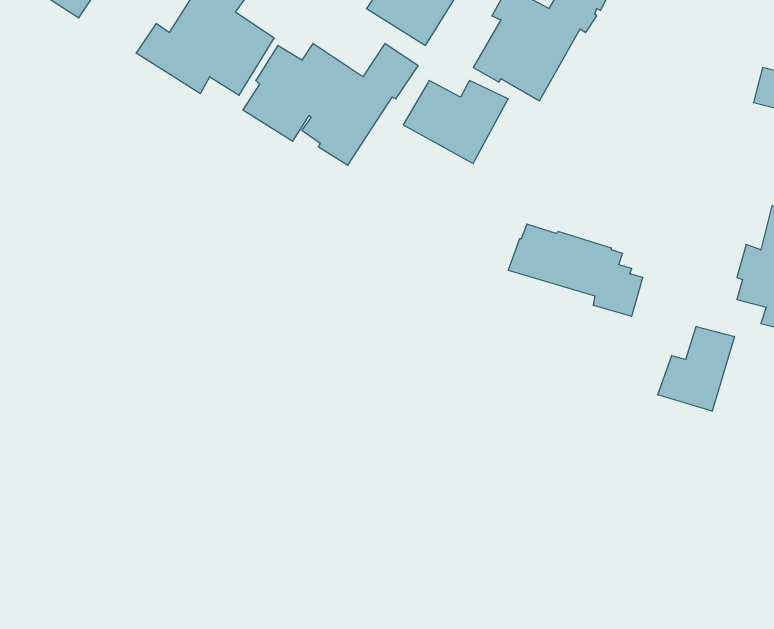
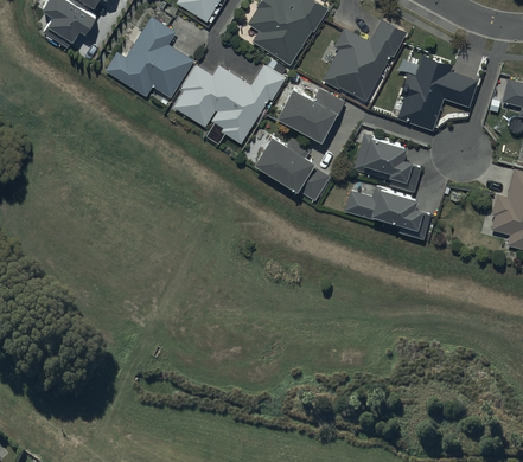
building: none -> [396,56,477,130]
building: none -> [352,133,421,192]
building: none -> [253,135,330,200]
building: [658,326,734,411] -> none

